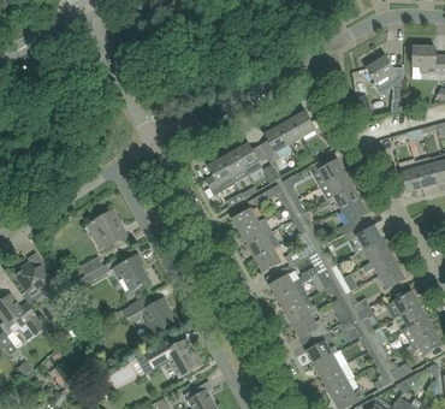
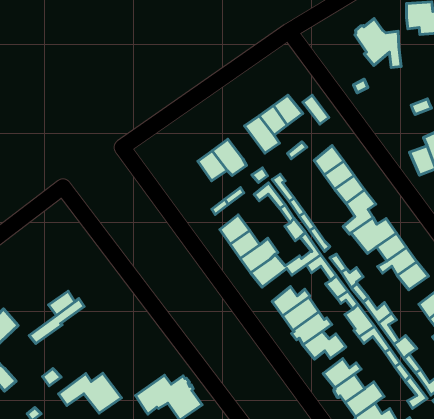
building: [204,158,235,196] -> none
building: [91,211,126,248] -> none
building: [115,255,149,291] -> none
building: [121,297,174,332] -> [58,373,121,413]

